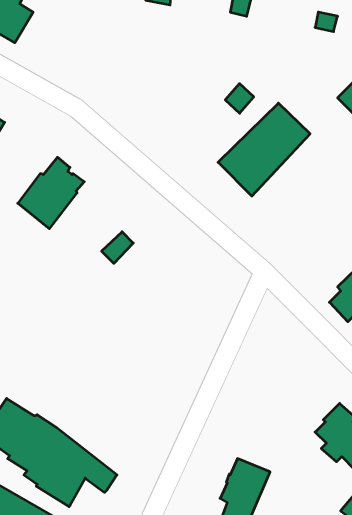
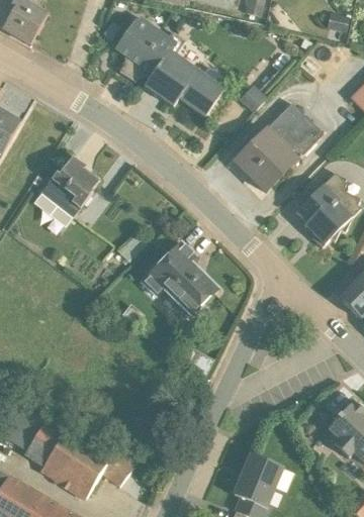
building: none -> [113,14,223,118]
building: none -> [293,172,359,244]
building: none -> [142,242,216,315]

